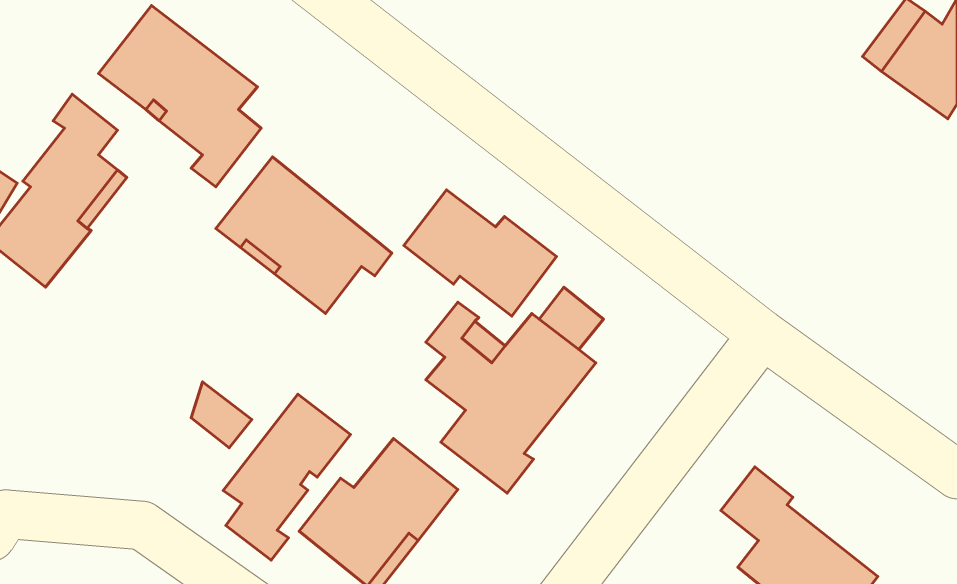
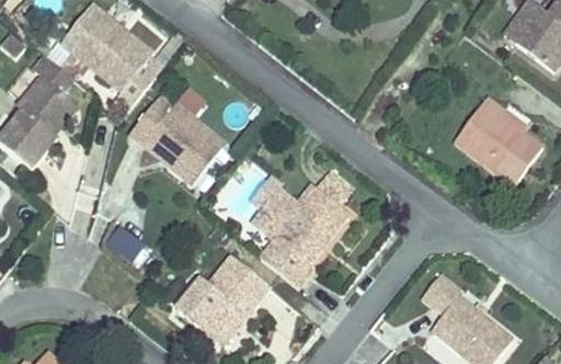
building: none -> [454,98,542,185]
building: [404,190,557,316] -> none
building: [223,394,350,560] -> none

